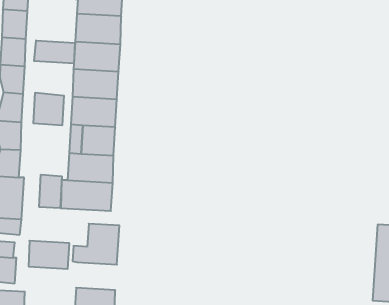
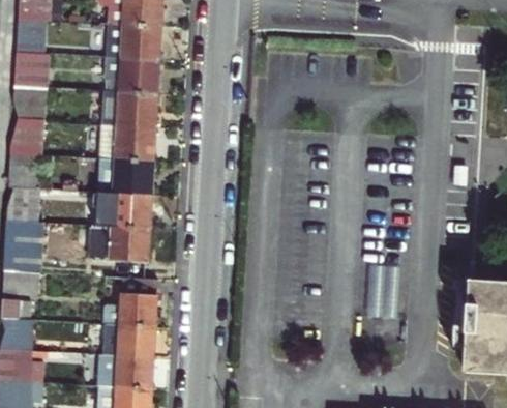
building: [34,40,75,64] -> none
building: [33,93,64,125] -> none
building: [39,175,62,208] -> none
building: [29,241,69,269] -> [106,324,155,358]

